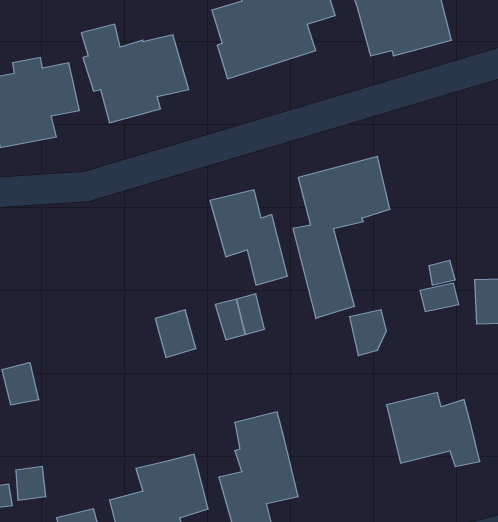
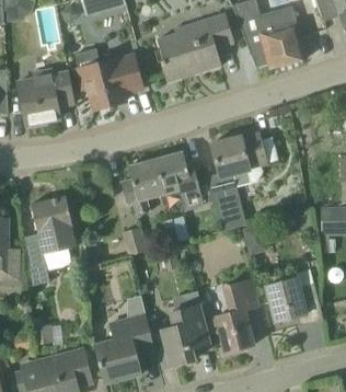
building: none -> [120,158,165,214]
building: none -> [31,196,76,254]
building: none -> [215,279,260,351]

